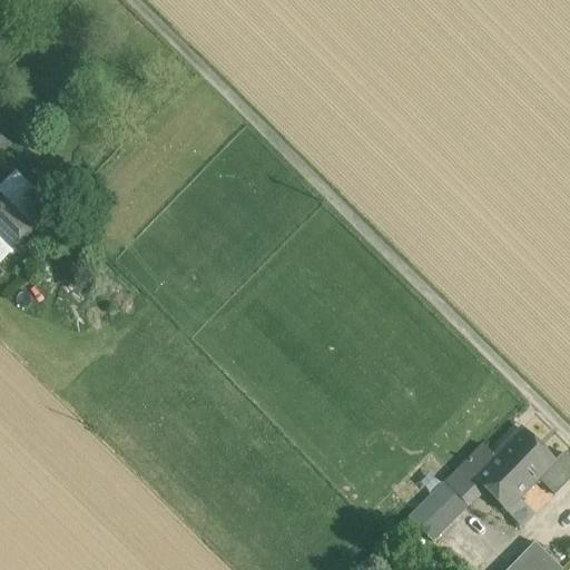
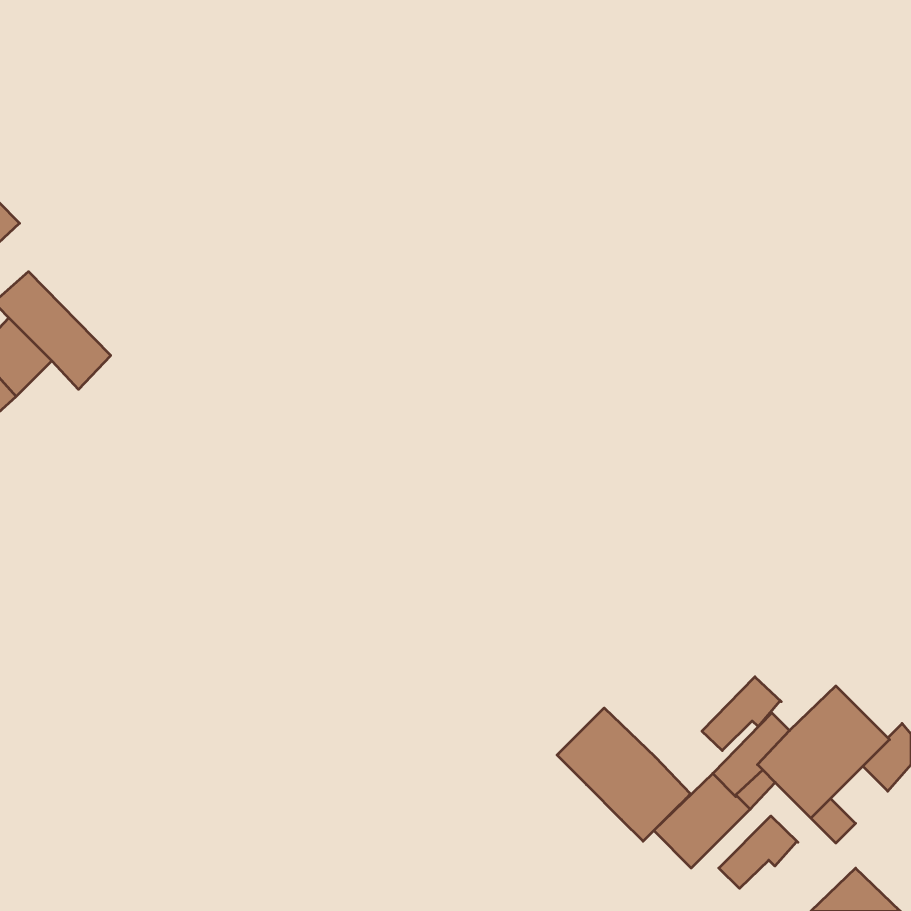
building: none -> [702,677,781,751]
building: none -> [557,708,690,841]
building: none -> [719,816,798,888]

